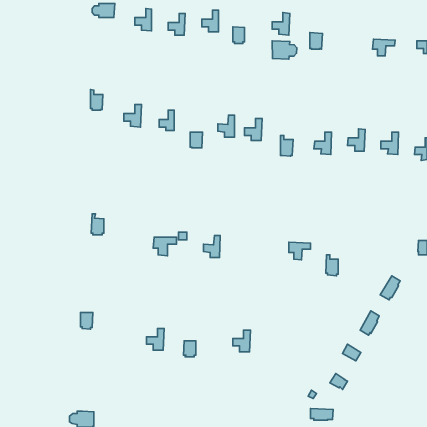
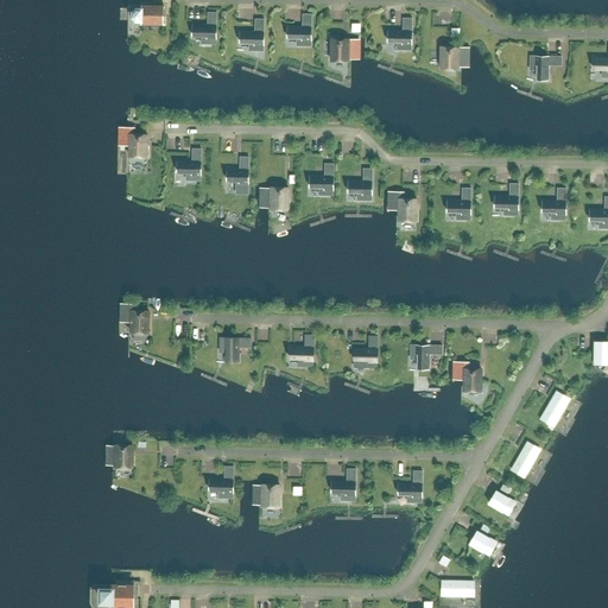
building: [272,41,297,59] -> none
building: none -> [352,335,376,368]
building: none -> [397,470,422,502]

